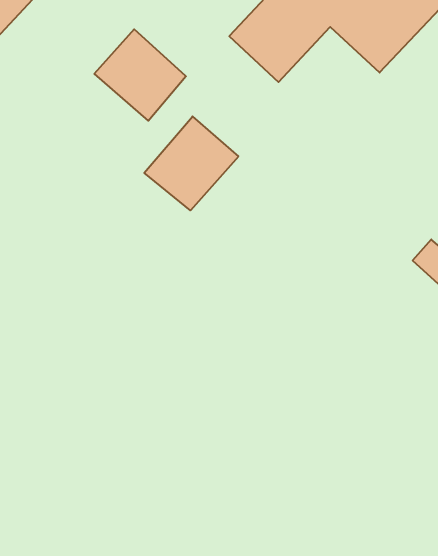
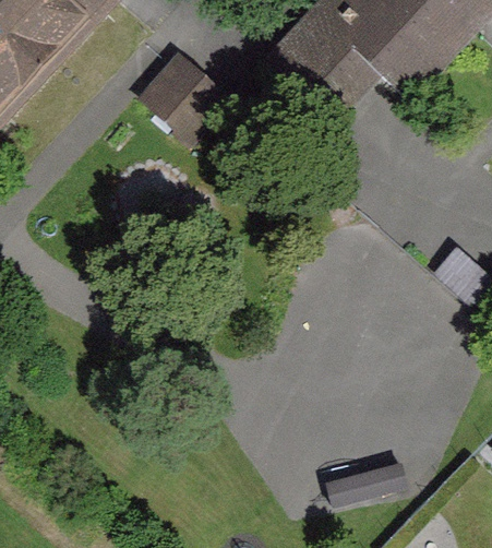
building: [144,116,238,210] -> none

